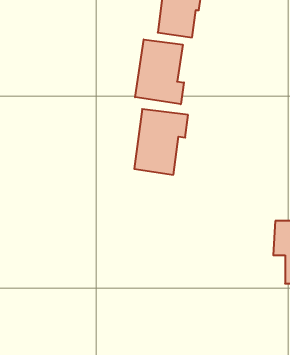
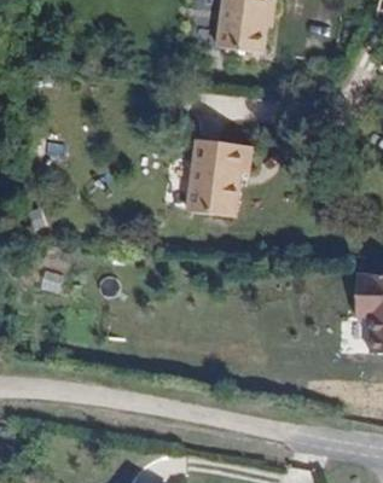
building: [135,39,184,104] -> none

